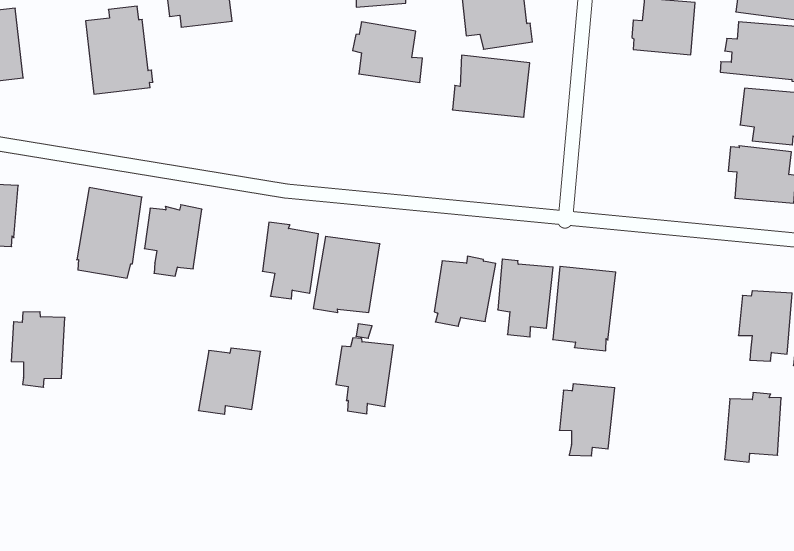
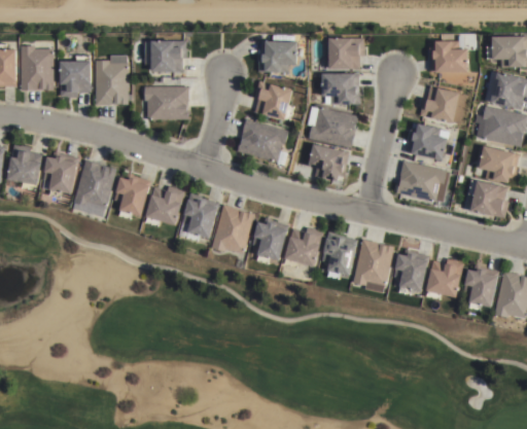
building: none -> [60,61,92,97]
building: none -> [144,86,189,119]
building: none -> [407,123,448,160]
building: none -> [237,119,287,163]
building: none -> [308,144,349,182]
building: none -> [396,162,449,203]
building: [11,312,65,387] -> [43,151,78,198]
building: [336,338,393,414] -> [251,218,288,264]
building: [198,348,261,414] -> [144,187,185,226]
building: [559,384,615,456] -> [393,251,429,295]
building: [725,393,781,462] -> [425,259,463,300]

